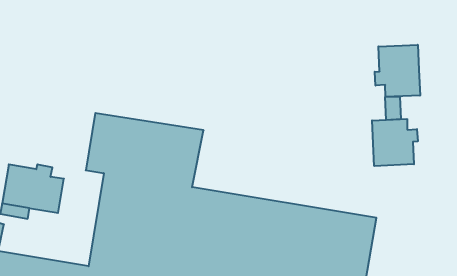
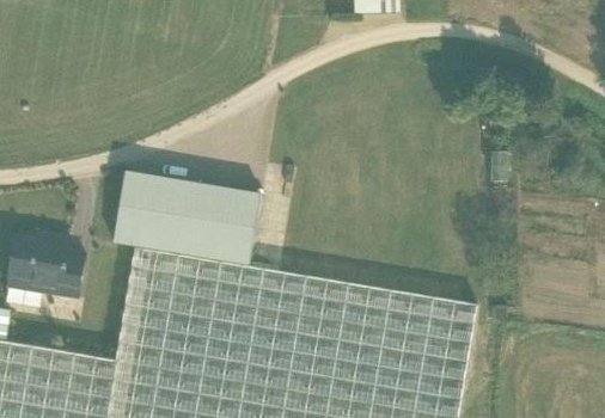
building: [375,45,420,97] -> none
building: [372,119,418,166] -> none

